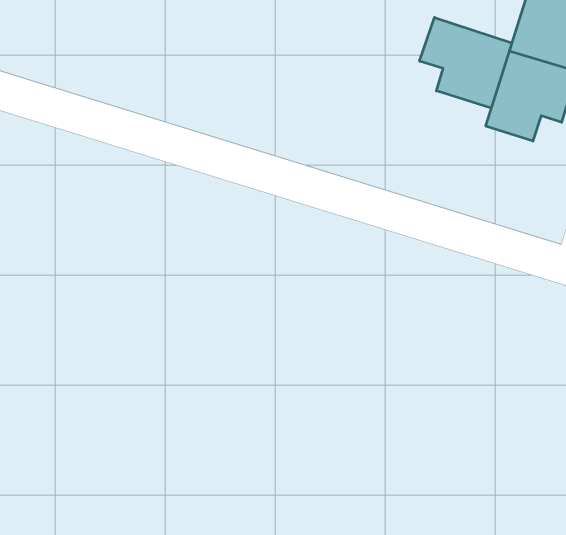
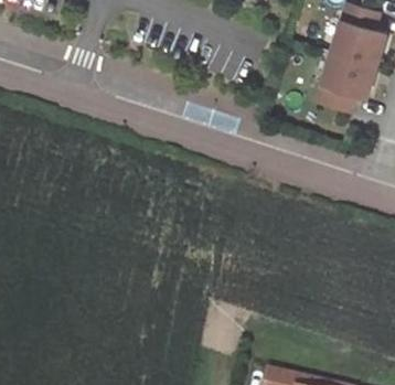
building: [420,17,512,108] -> none

